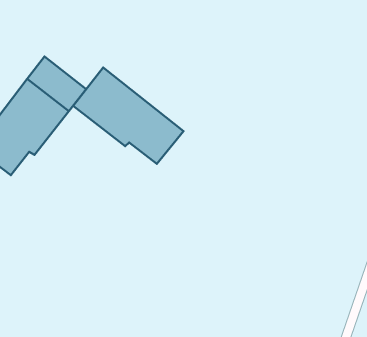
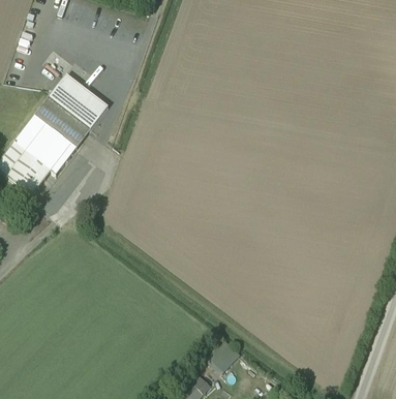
building: [73,68,184,164] -> none

